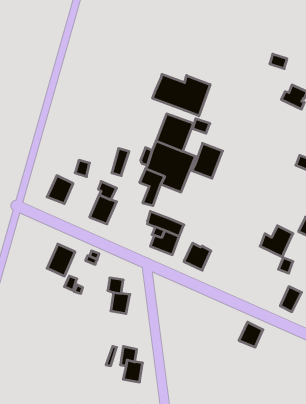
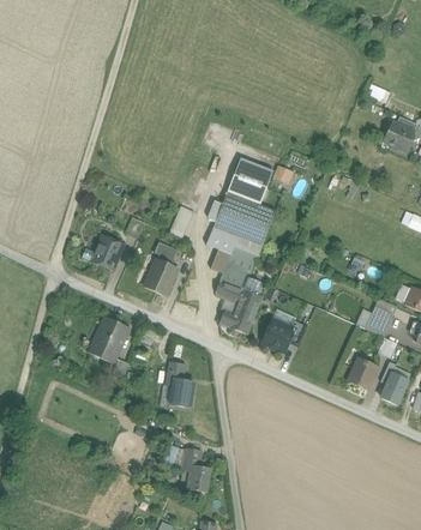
building: [153,74,210,116] -> none
building: [192,143,223,178] -> [219,246,258,289]
building: [239,322,263,347] -> [348,357,378,389]

